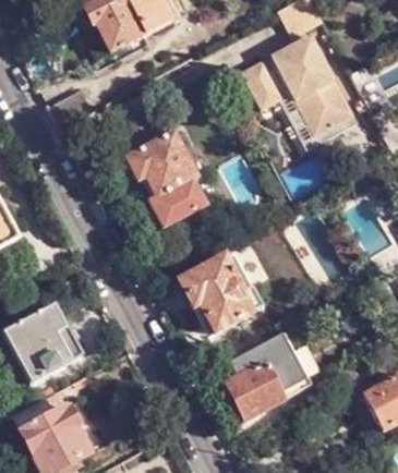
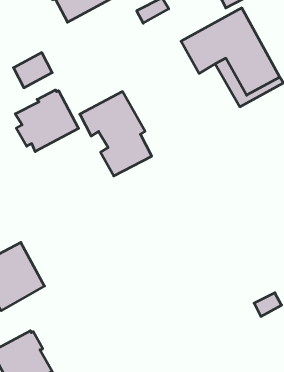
building: none -> [15,90,79,152]
building: [180,254,255,333] -> none
building: [227,335,307,417] -> none

